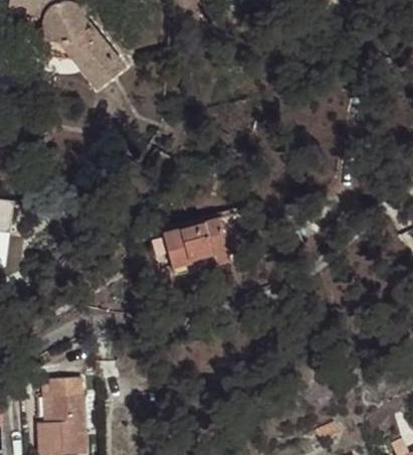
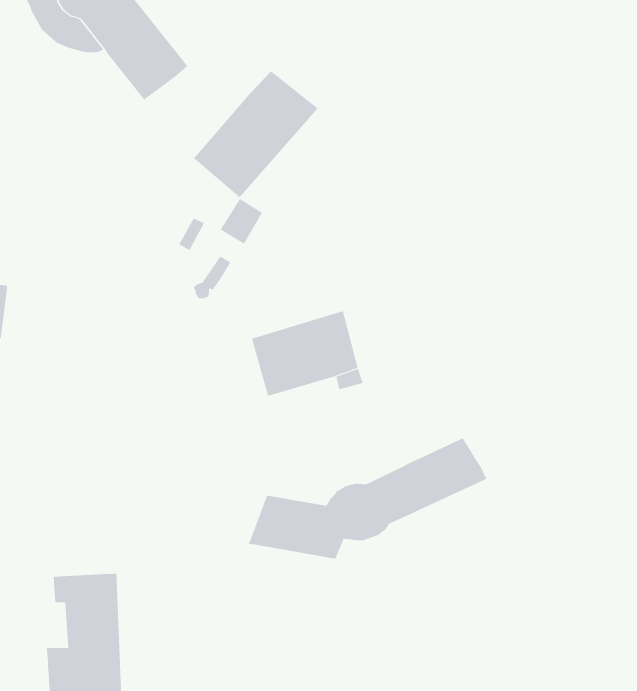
building: none -> [193,71,319,198]
building: none -> [248,437,487,559]

